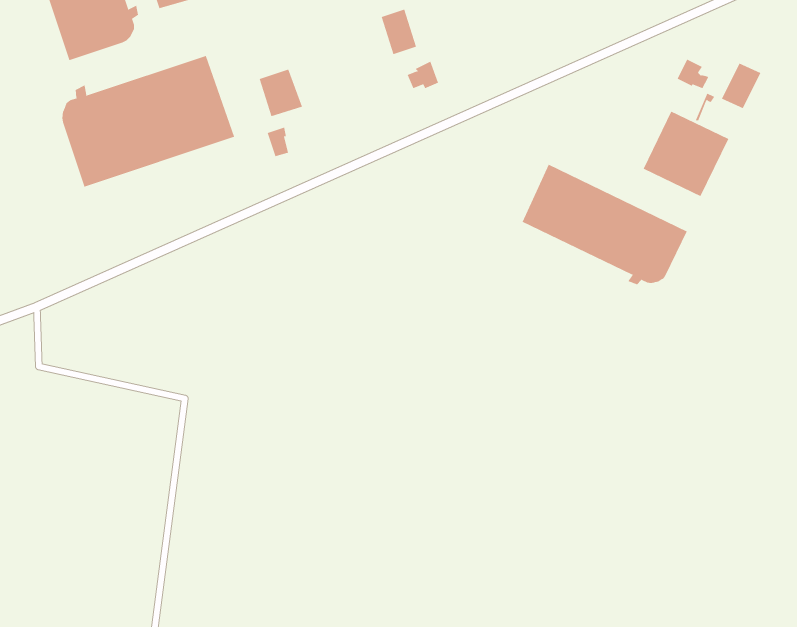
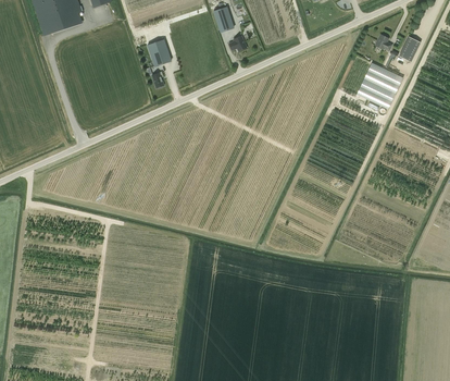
building: [62,55,235,187] -> none
building: [522,164,688,285] -> none

